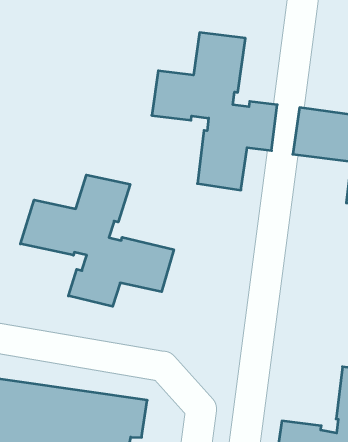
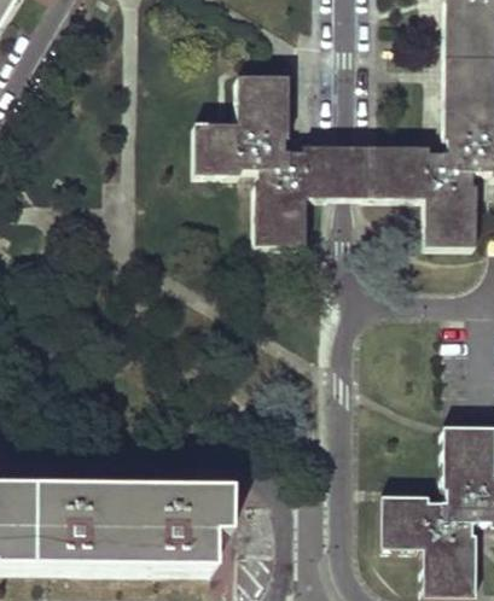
building: none -> [335,145,360,198]
building: [20,175,174,306] -> none

